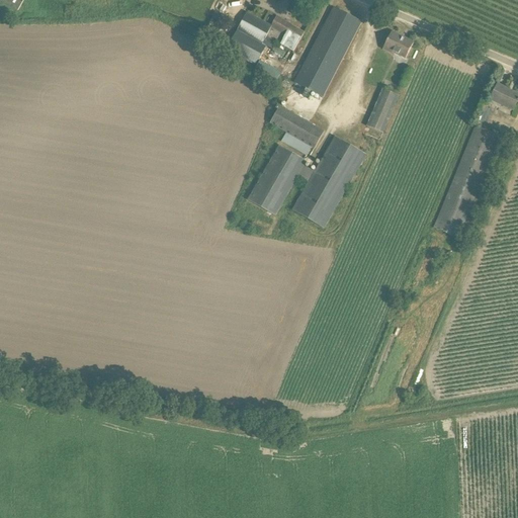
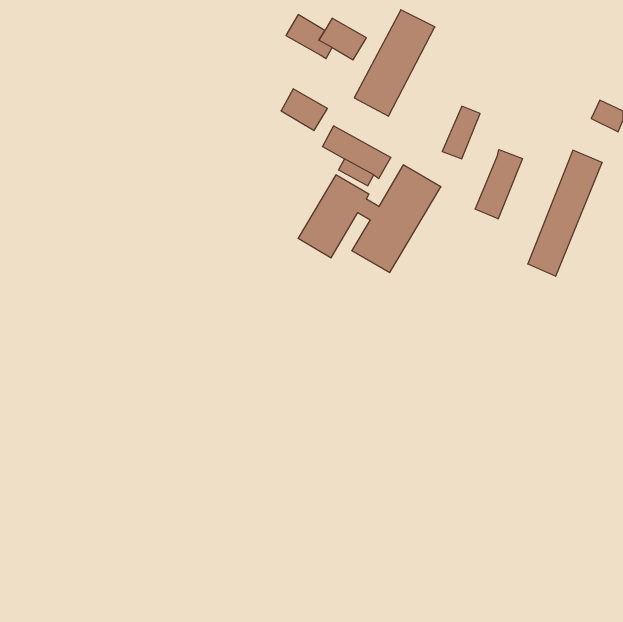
building: [227,29,265,64] -> [281,89,327,130]
building: [383,30,413,57] -> none
building: none -> [475,150,523,219]

